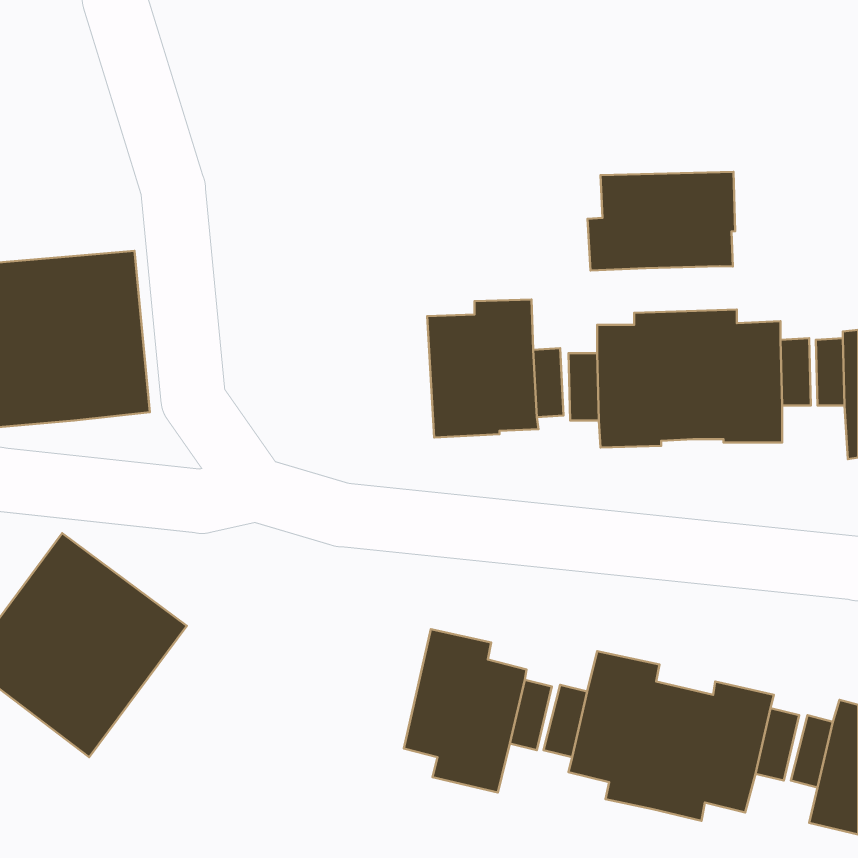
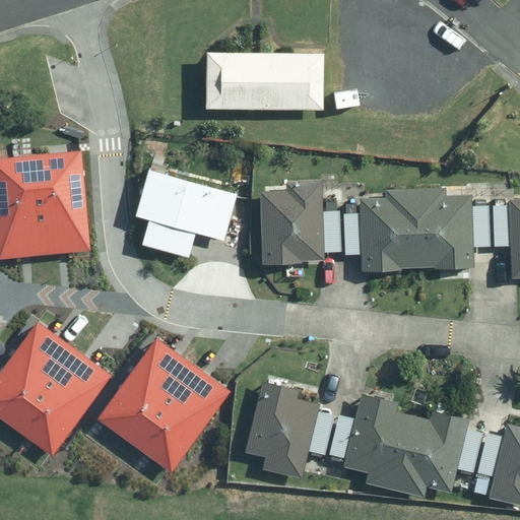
building: none -> [205,51,328,111]
building: [588,172,735,271] -> none
building: none -> [134,171,234,257]
building: none -> [96,338,231,473]

